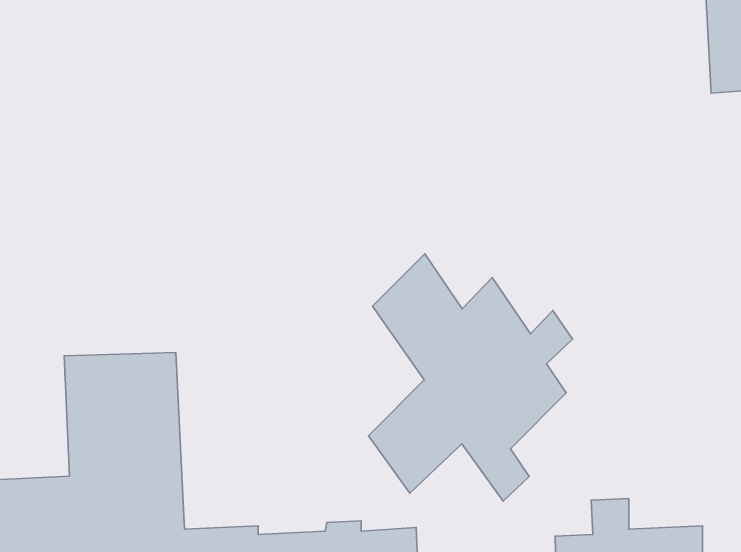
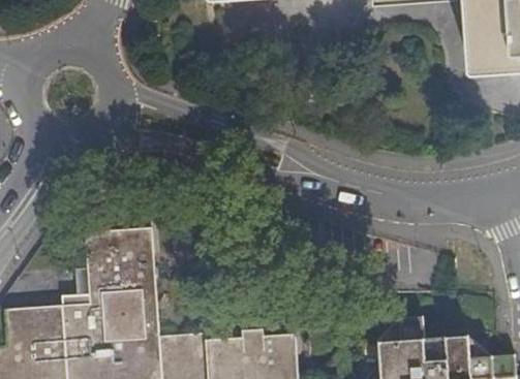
building: [368,254,572,501] -> none

